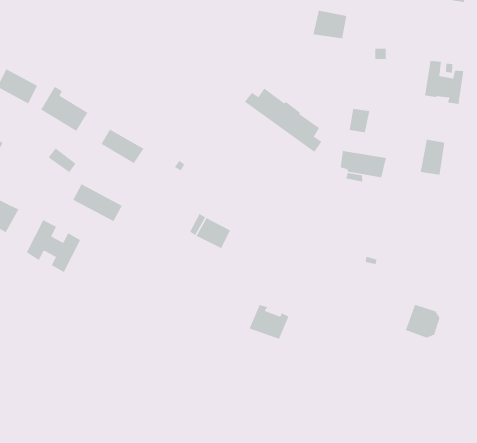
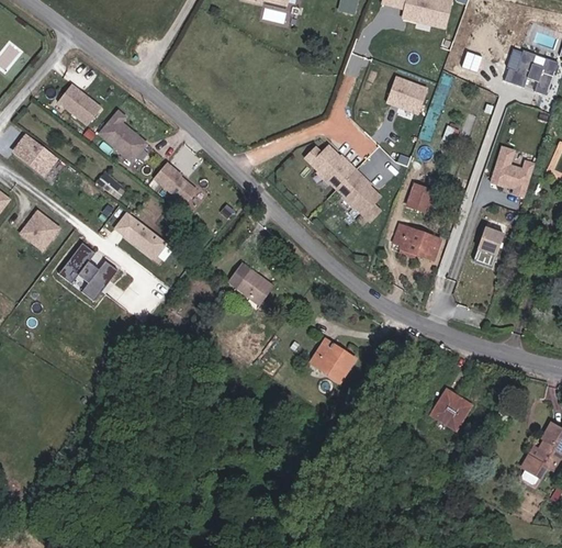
building: [248,304,290,340] -> [308,338,352,378]

